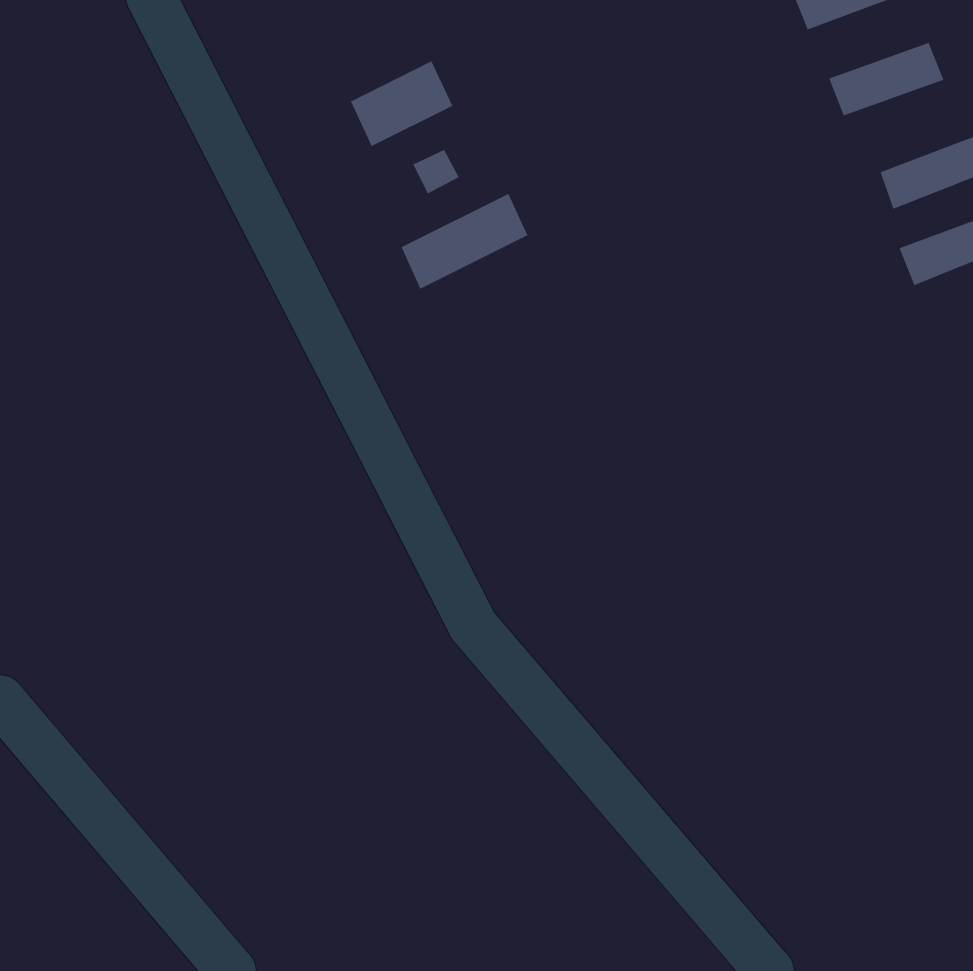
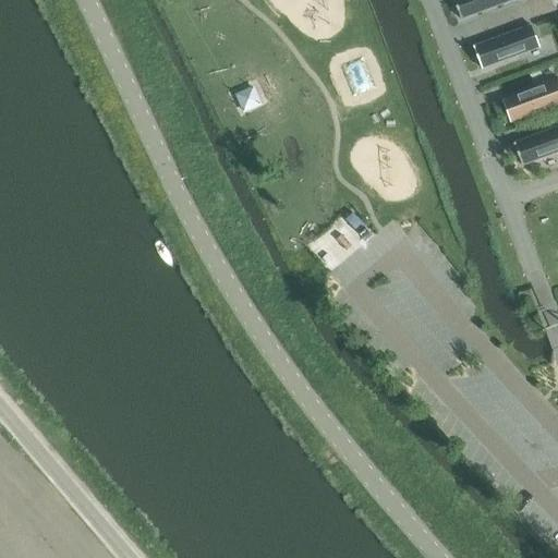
building: [350,60,453,147] -> none
building: [400,193,528,290] -> none

